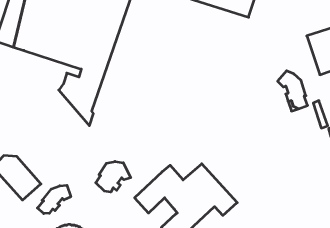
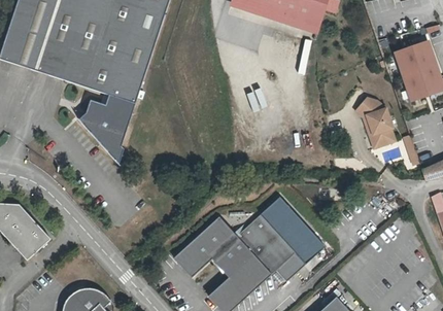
building: none -> [260,196,325,264]
building: [96,161,131,192] -> none
building: [37,185,71,214] -> none

